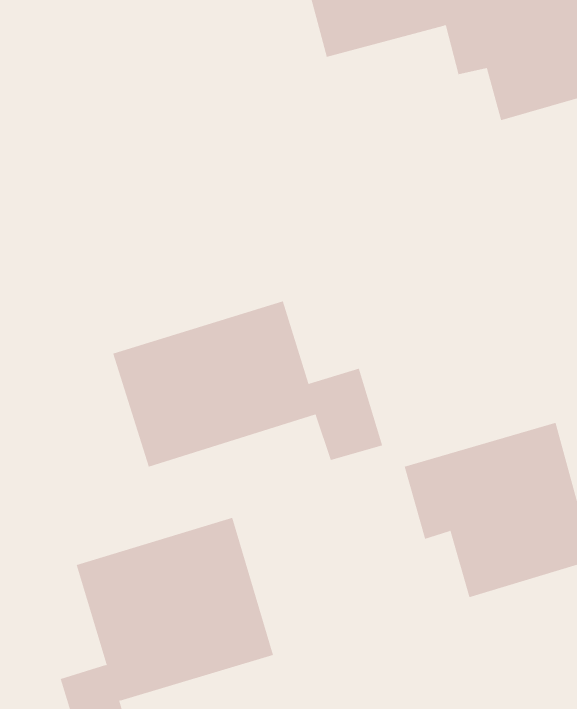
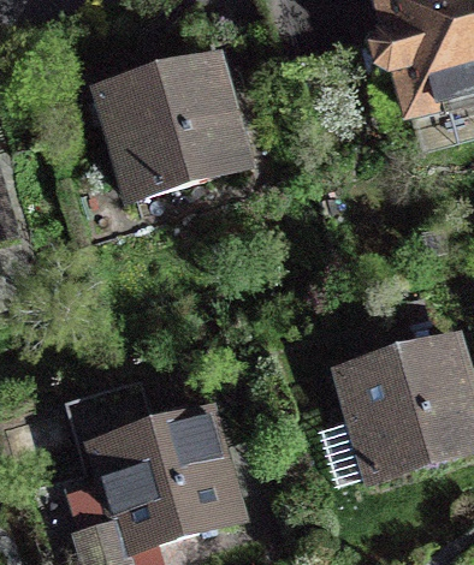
building: none -> [95,52,248,196]
building: [112,300,383,468] -> none

